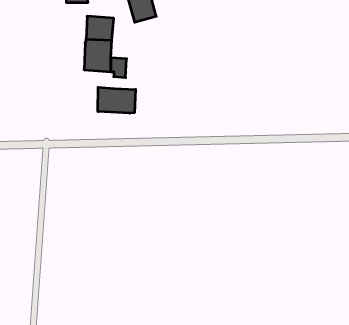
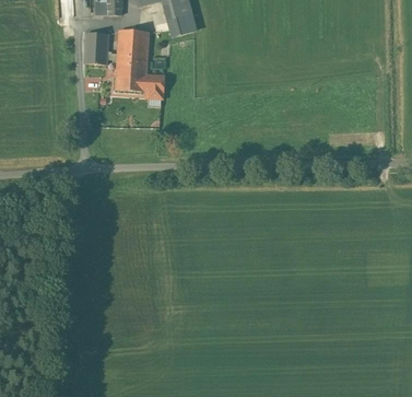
building: none -> [84,33,108,65]
building: [98,87,136,113] -> none

